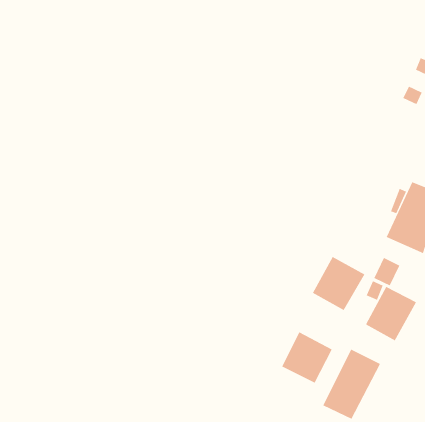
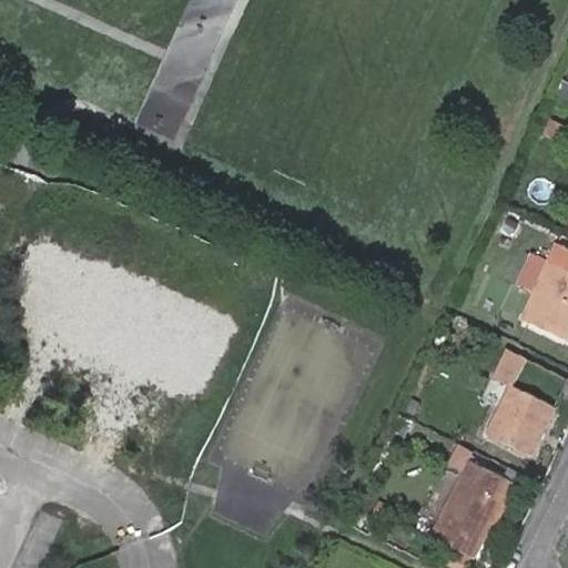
building: [312,256,365,311] -> none
building: [281,331,332,383] -> none

